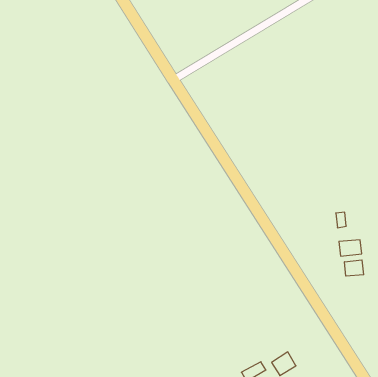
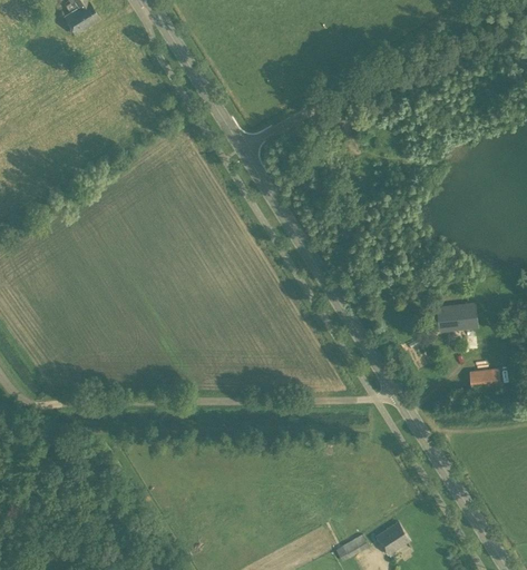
building: none -> [437,304,477,331]
building: [345,260,364,276] -> none

